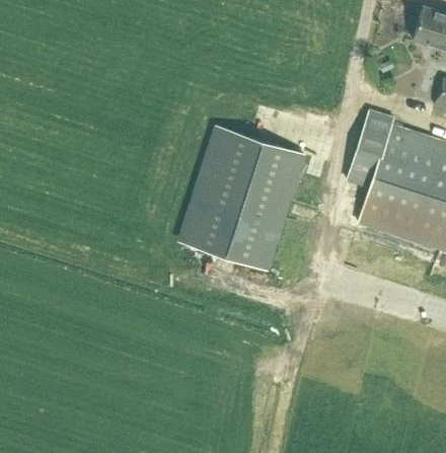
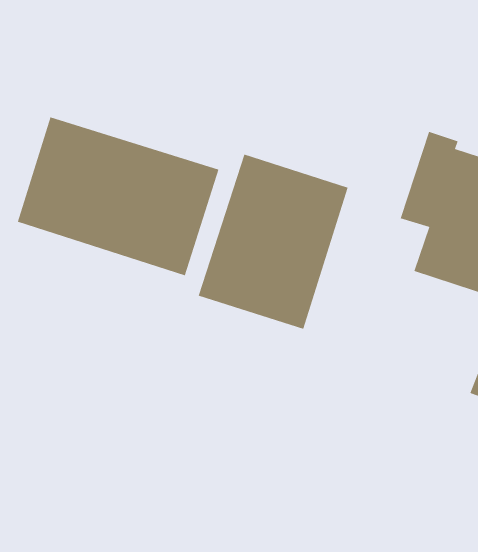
building: none -> [17,117,219,276]

